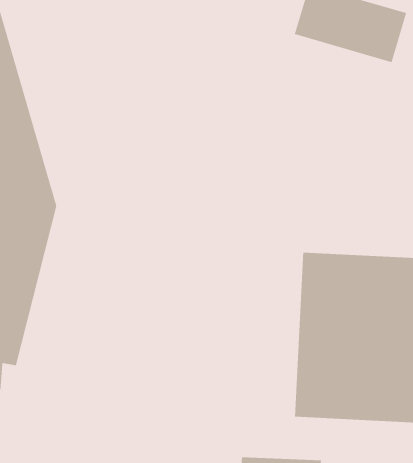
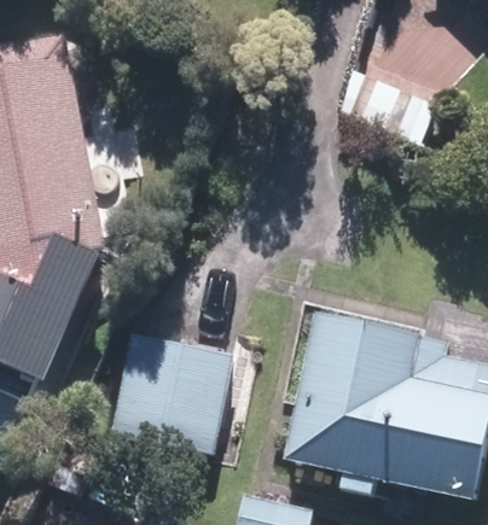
building: none -> [112,332,231,451]

